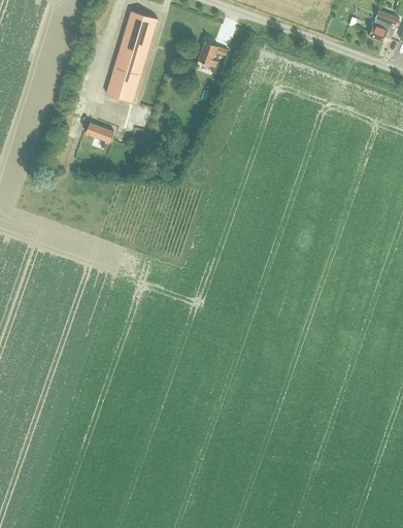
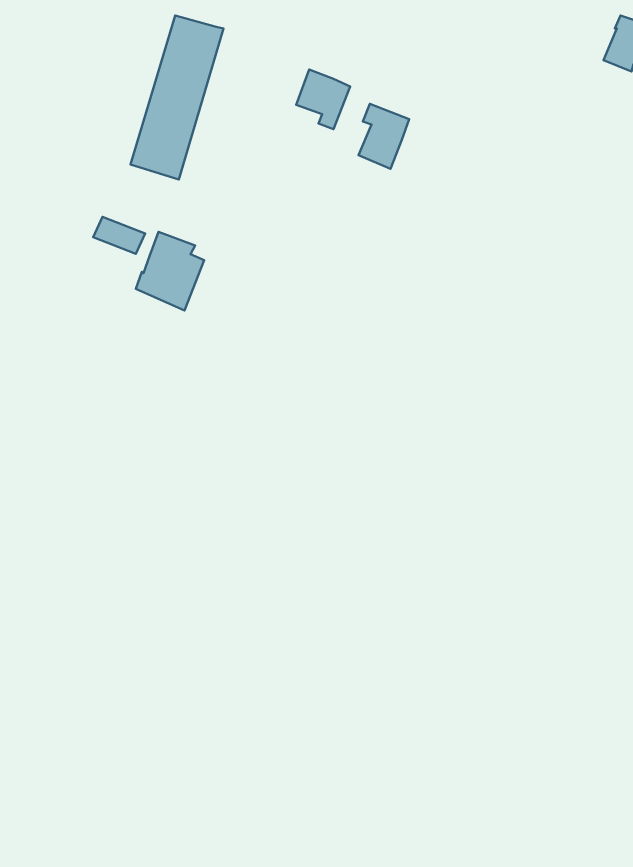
building: none -> [359,104,409,169]
building: none -> [136,232,204,310]

